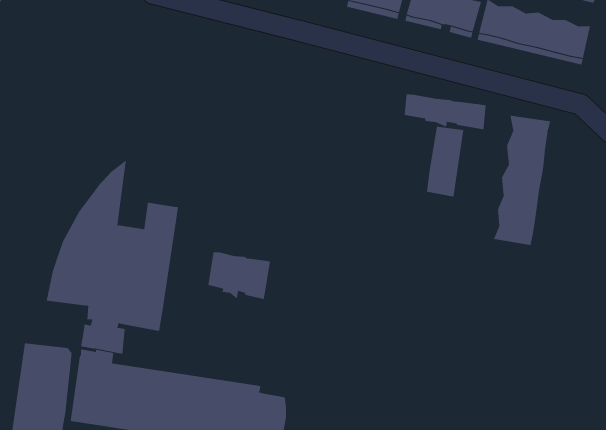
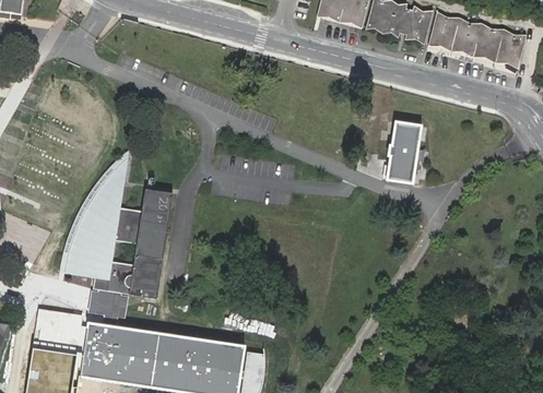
building: [404,94,486,130] -> none
building: [493,115,551,246] -> none
building: [208,252,270,300] -> none

